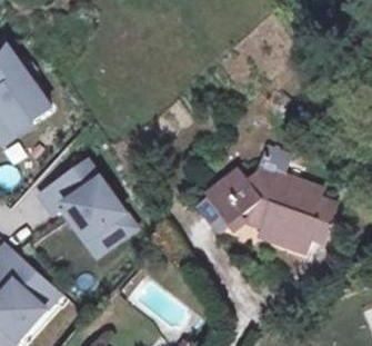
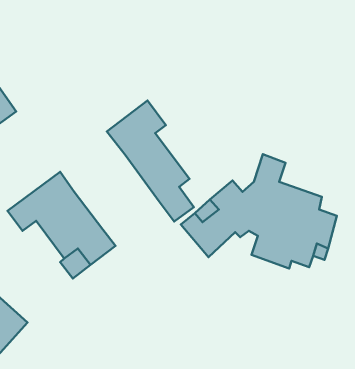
building: none -> [107,101,194,222]

